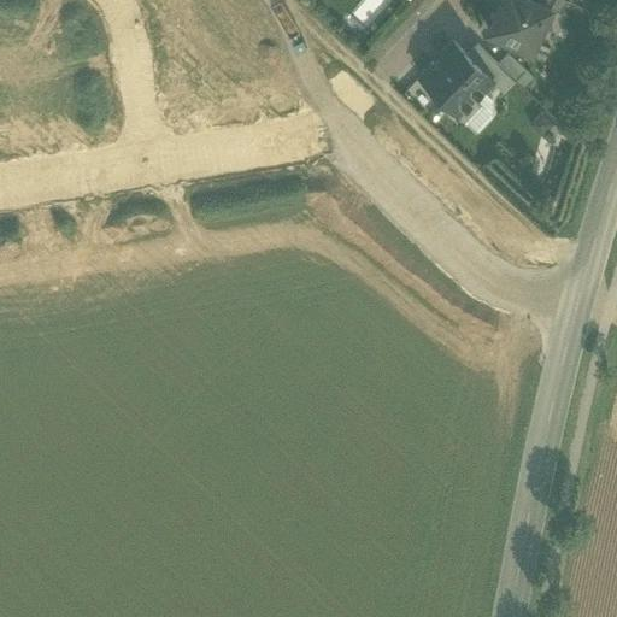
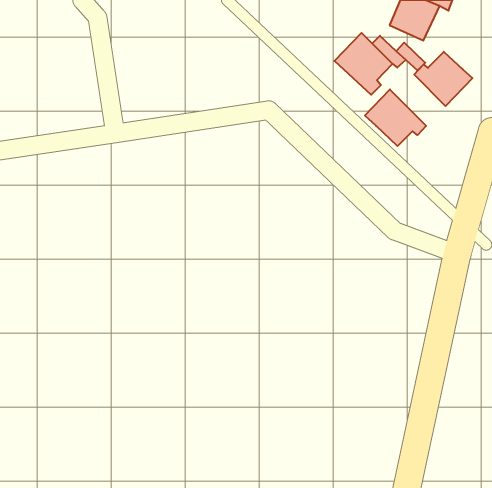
building: none -> [414,52,472,106]
building: none -> [365,89,426,146]

